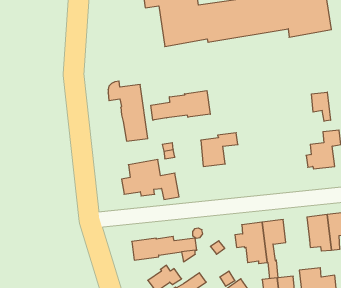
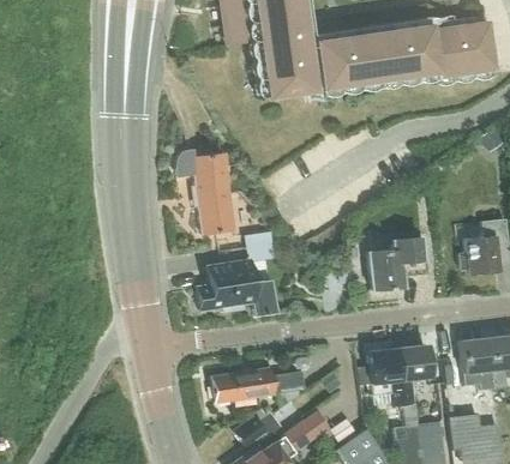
building: [151,91,210,120] -> none
building: [312,92,331,121] -> none
building: [201,133,238,166] -> [368,242,421,290]

